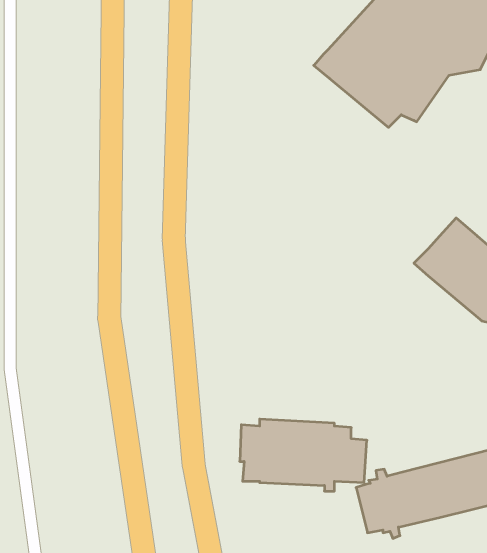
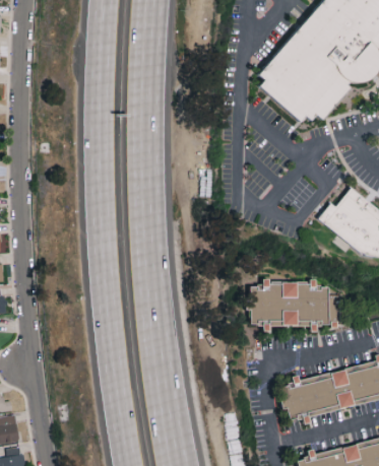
building: [240,419,367,491] -> [248,279,339,331]

